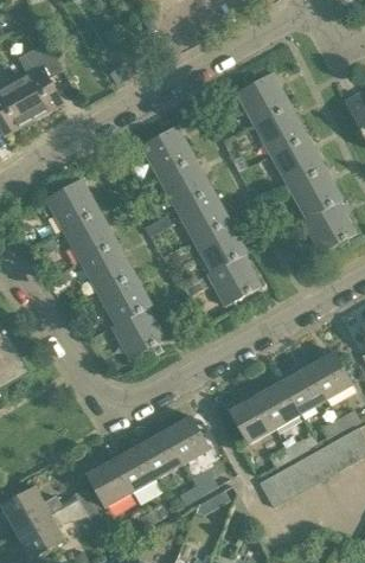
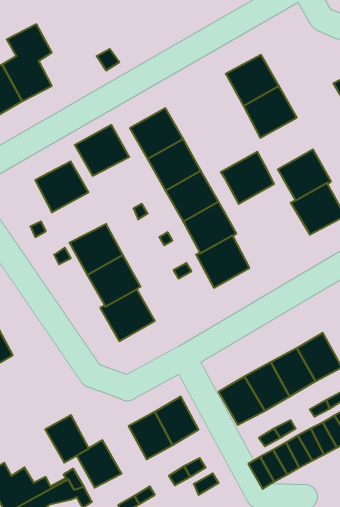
building: [270,135,324,187] -> [221,152,274,204]
building: [62,210,116,261] -> [75,125,129,176]
building: [113,444,156,492] -> [45,415,89,463]

